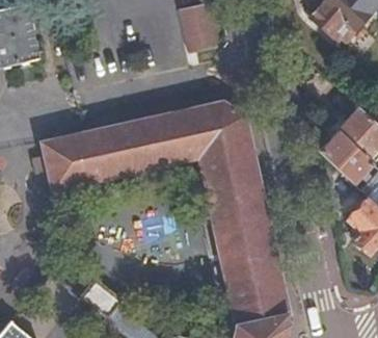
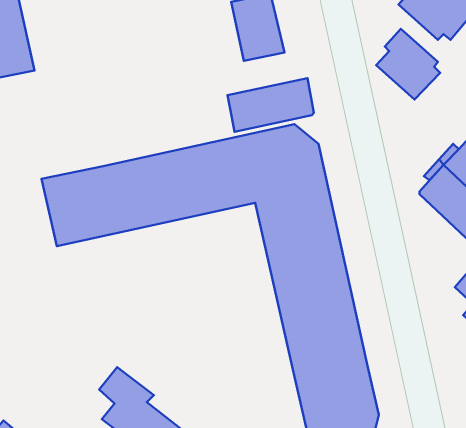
building: none -> [376,29,440,100]
building: none -> [228,78,314,132]

